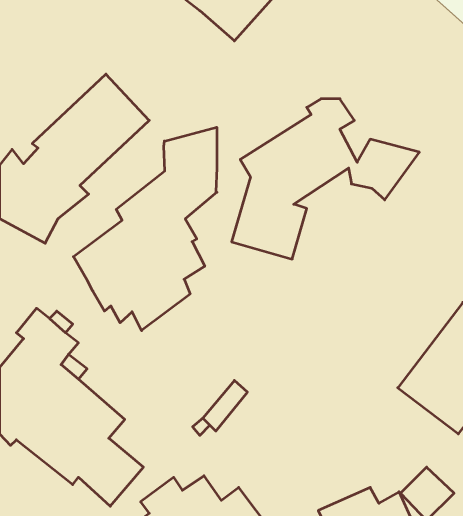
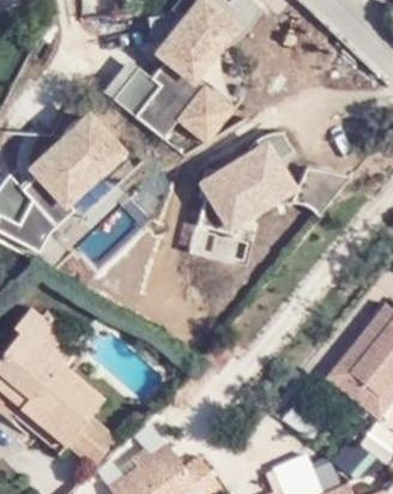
building: none -> [108,60,236,147]
building: [73,127,217,331] -> none

